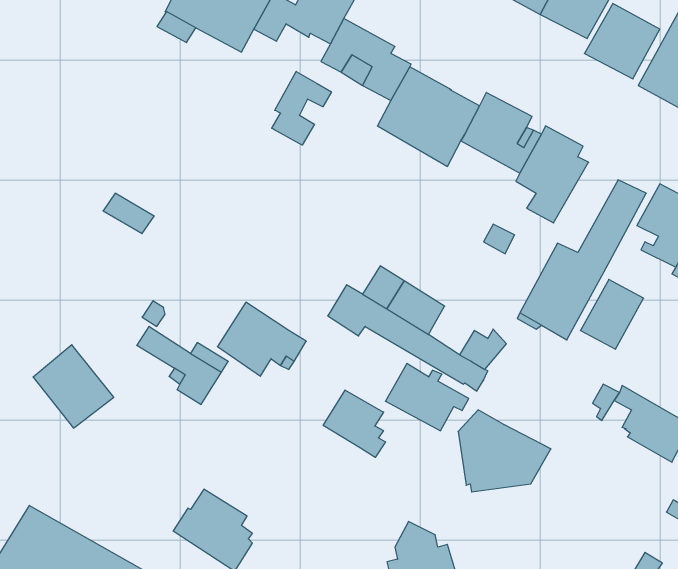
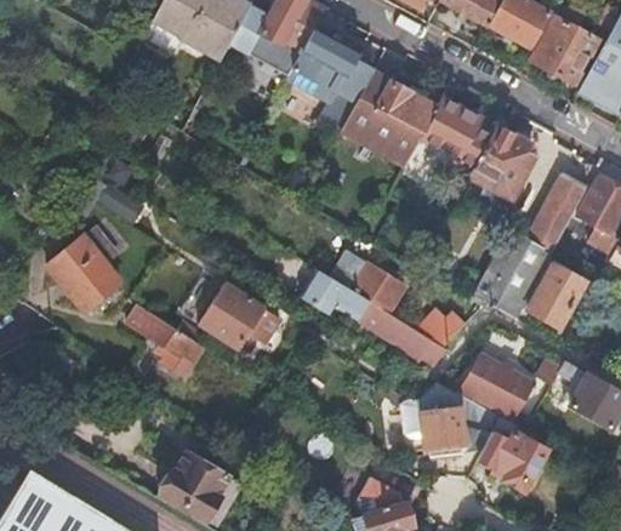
building: [272,71,331,145] -> none
building: [33,345,114,428] -> [46,238,119,313]
building: [385,364,469,431] -> [461,355,536,416]
building: [323,390,386,457] -> none
building: none -> [477,417,543,490]

